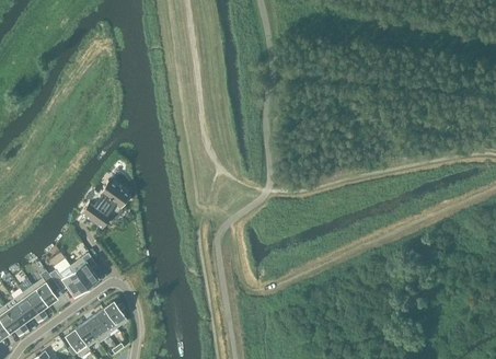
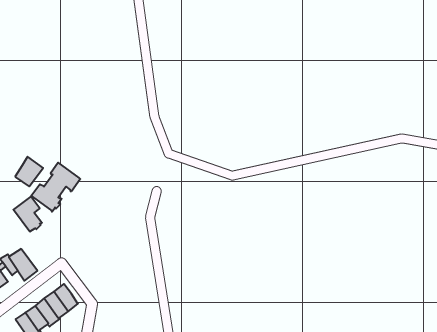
building: none -> [16,157,43,186]
building: [71,253,100,288] -> [13,196,42,231]

